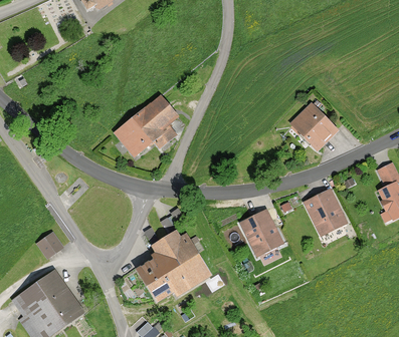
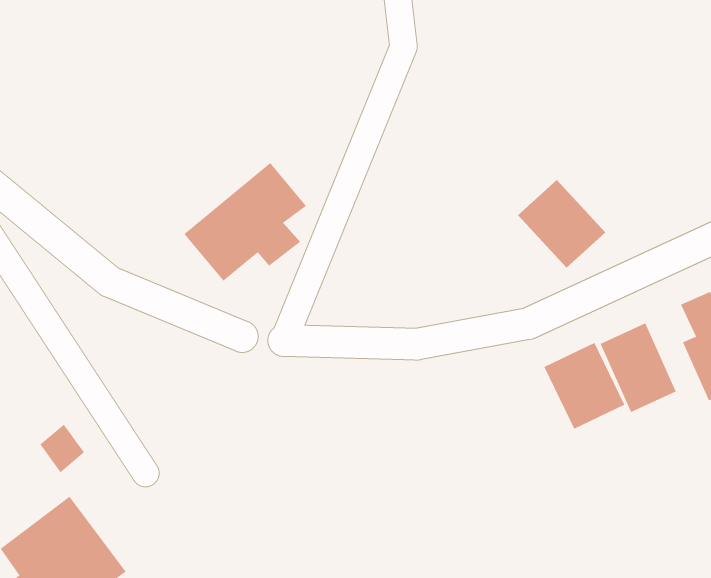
building: none -> [600,322,676,413]
building: [239,209,284,258] -> none
building: [139,233,212,301] -> none

